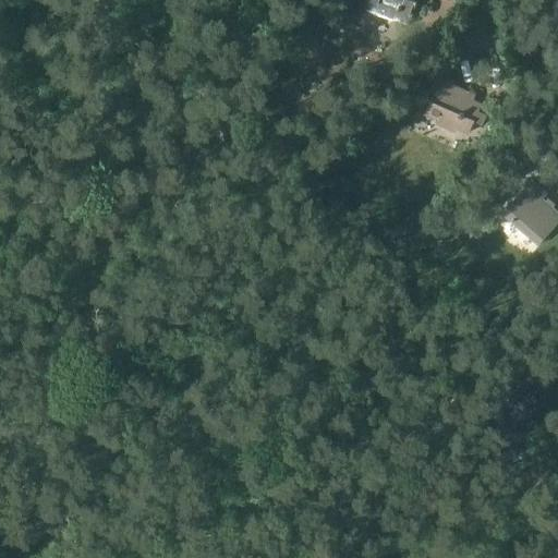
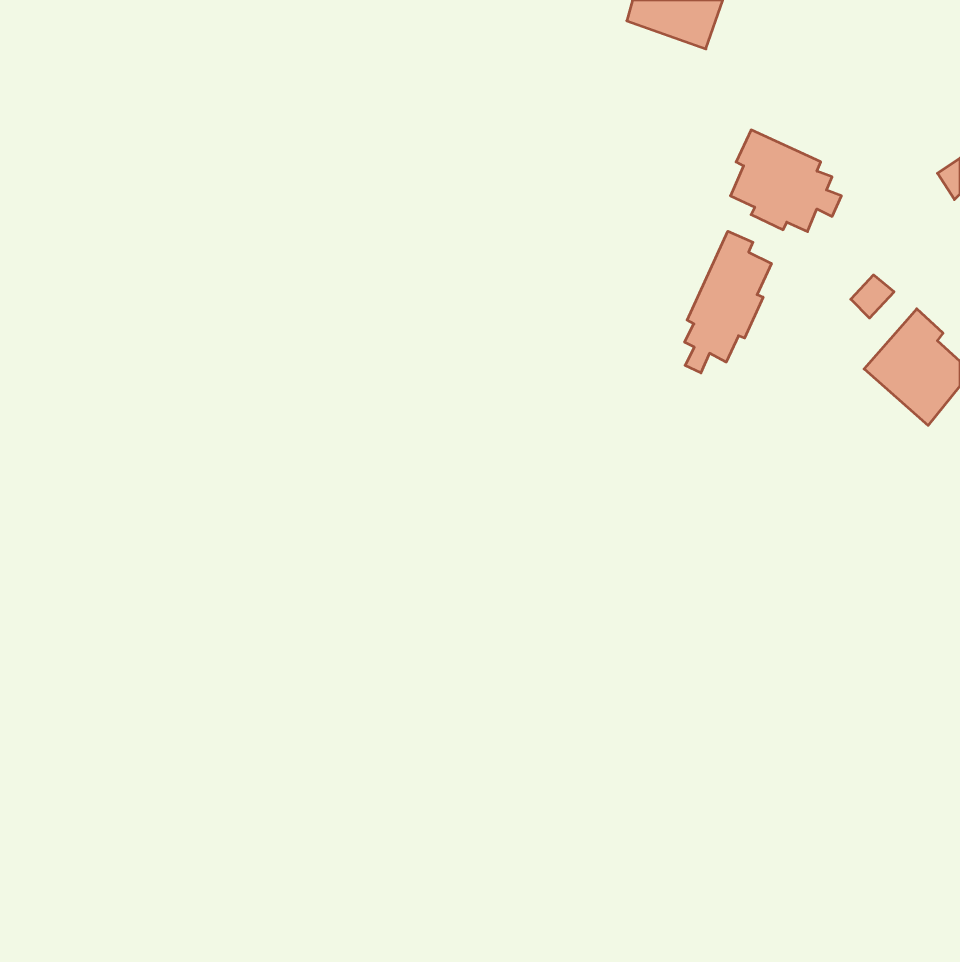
building: none -> [685,231,771,373]

